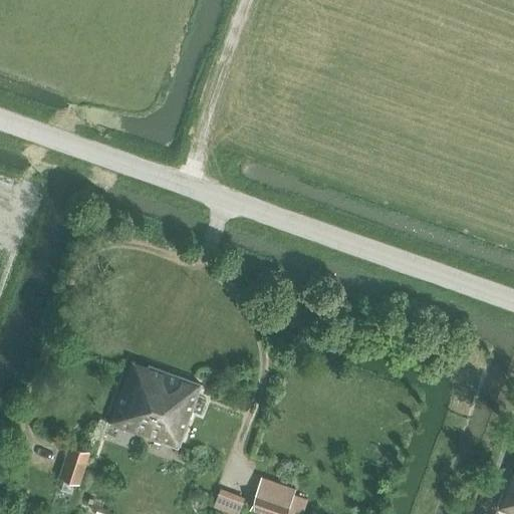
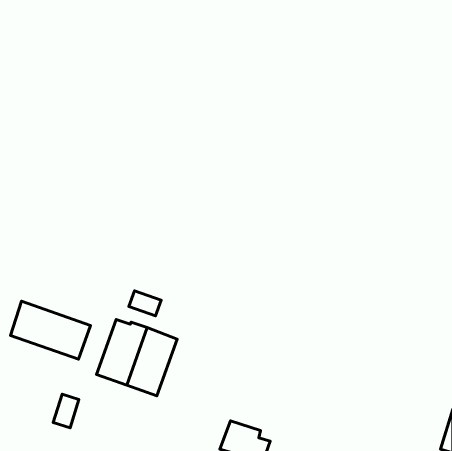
building: none -> [129,291,161,316]
building: none -> [10,301,91,359]

